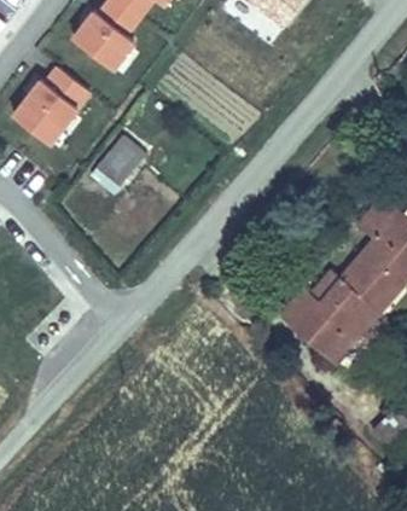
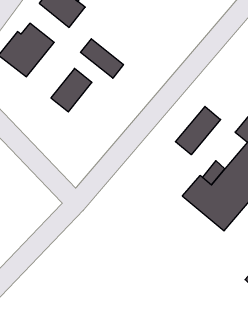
building: none -> [81,39,123,78]
building: none -> [175,106,221,155]

